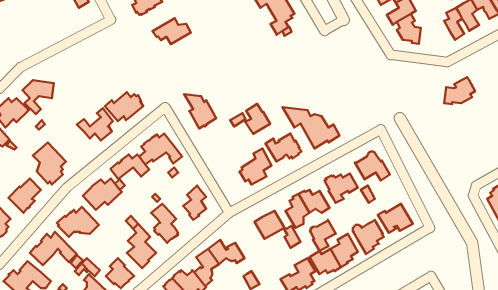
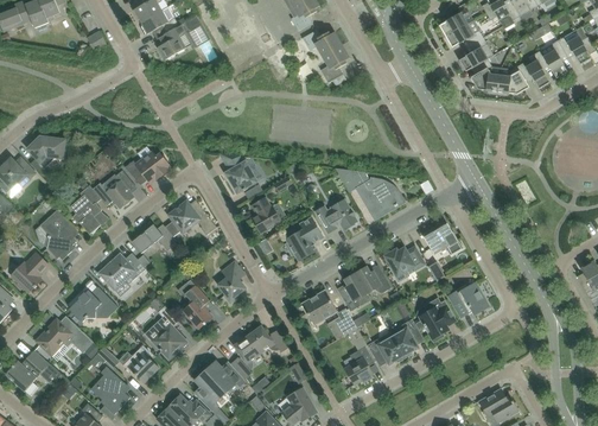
building: [152,18,191,44] -> none
building: [444,77,475,104] -> [496,63,533,95]
building: [245,104,270,134] -> [250,197,280,233]
building: none -> [69,185,106,234]
building: [310,220,336,251] -> none

